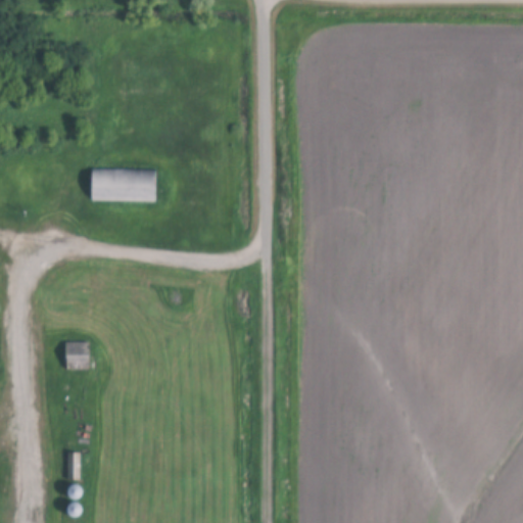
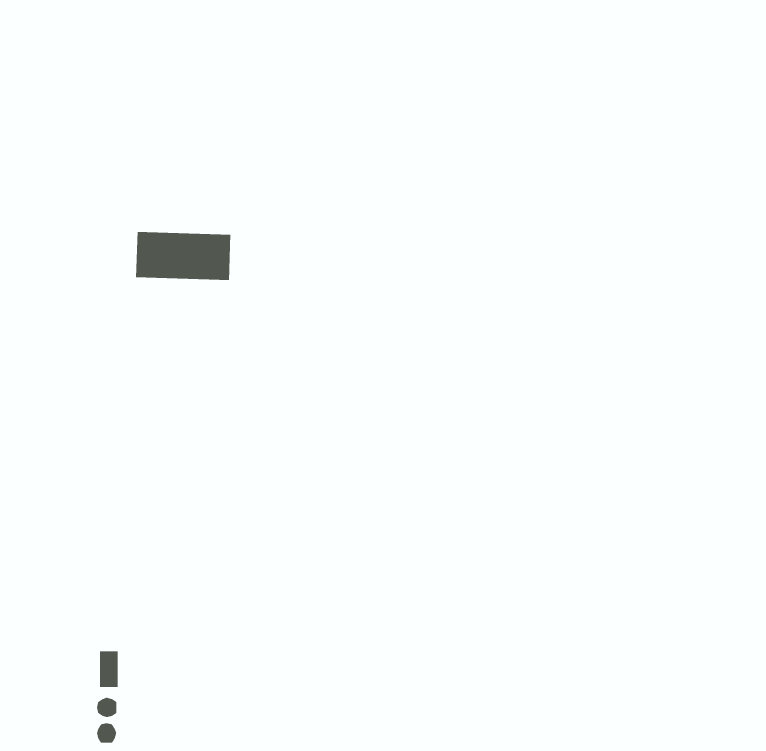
building: [65,342,90,369] -> none

